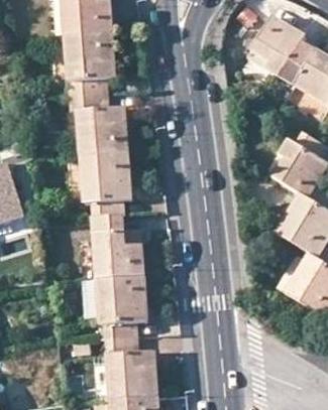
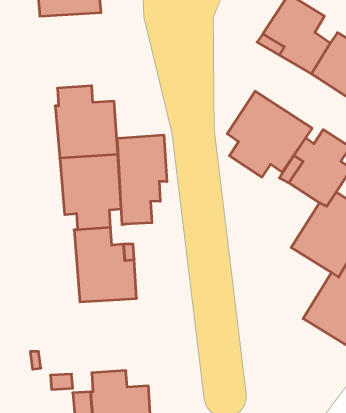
building: [62,32,117,97] -> none
building: none -> [227,91,312,177]
building: none -> [117,135,167,225]
building: [96,276,147,339] -> none

